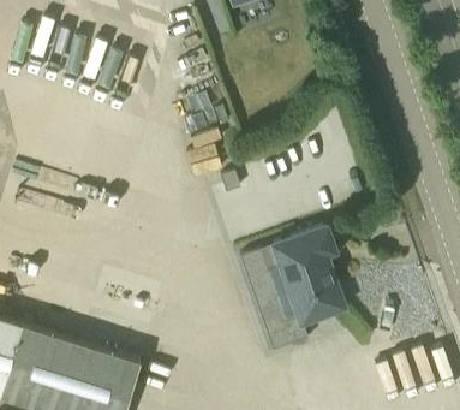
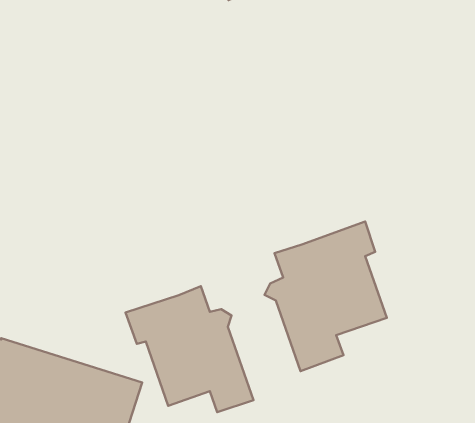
building: none -> [126,286,253,412]

